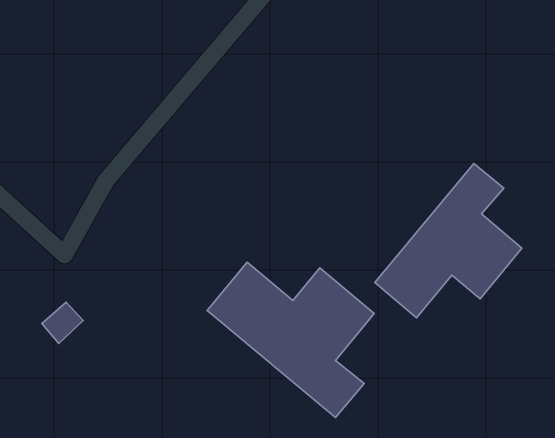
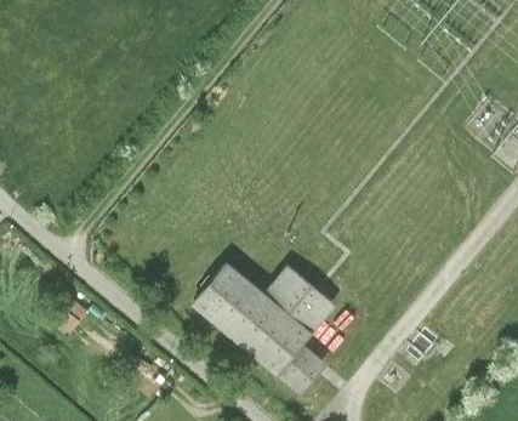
building: [375,163,522,318] -> none

